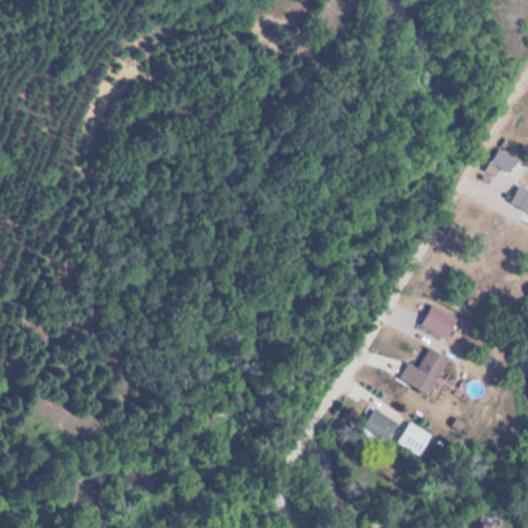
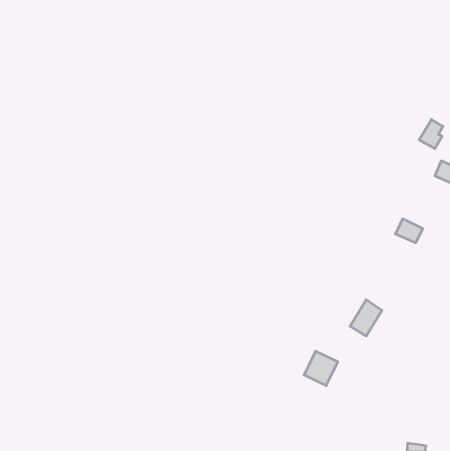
building: [427,306,459,334] -> [395,219,423,243]
building: [396,423,430,457] -> none

